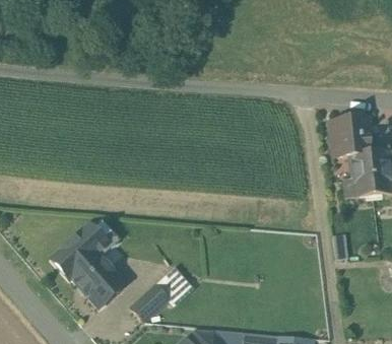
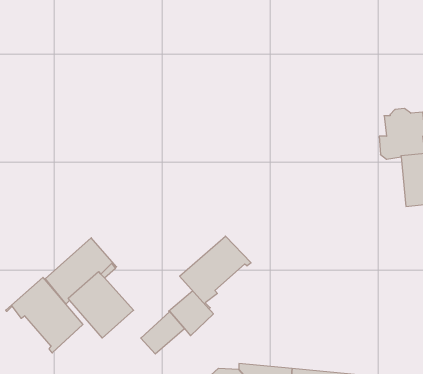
building: none -> [180,236,251,309]
building: none -> [6,277,83,353]

